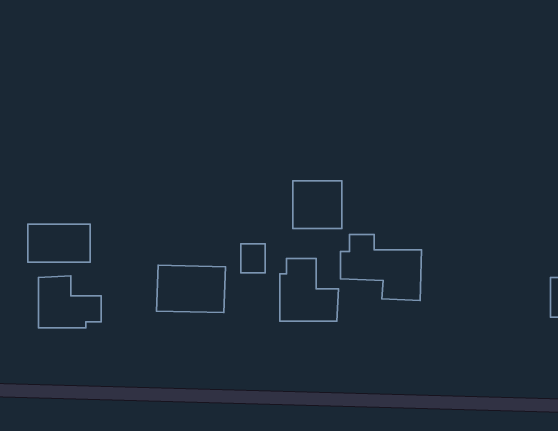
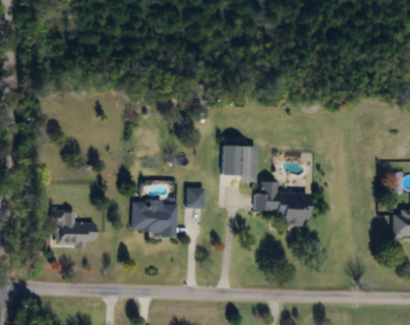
building: [28,224,90,262] -> none
building: [280,258,339,321] -> none

